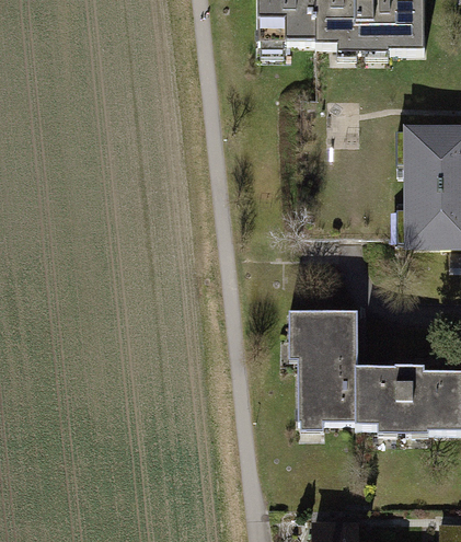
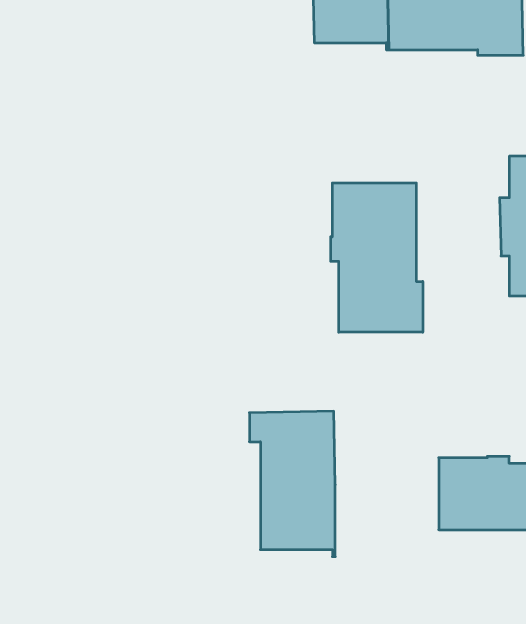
building: none -> [331,183,423,332]
building: [290,310,358,425] -> [249,411,335,557]

